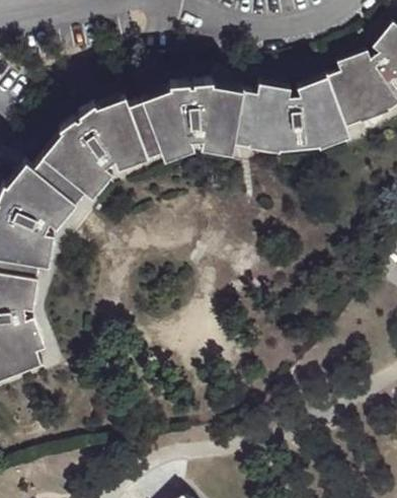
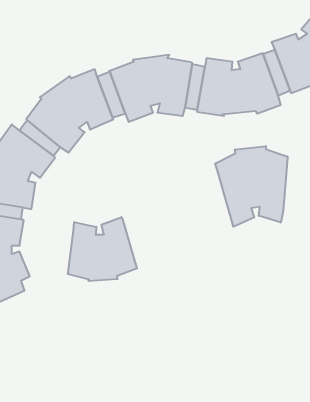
building: none -> [215,146,287,227]
building: none -> [68,217,137,281]

